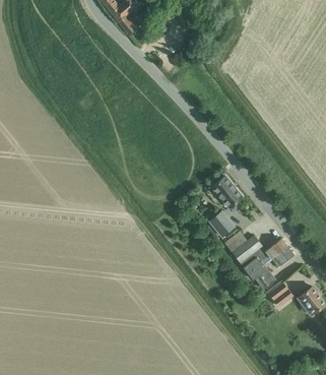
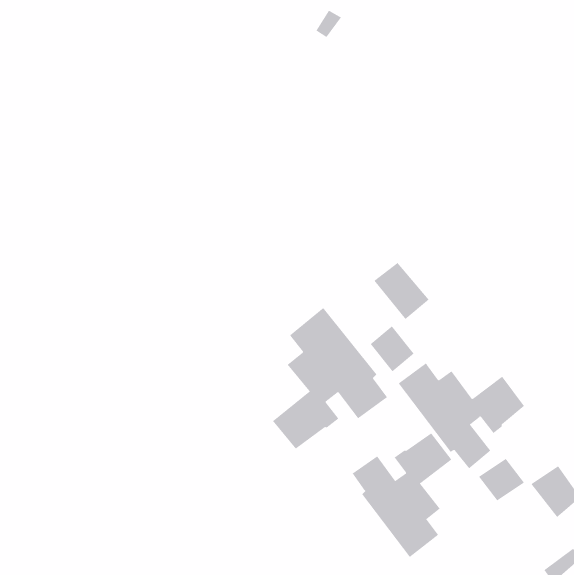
building: none -> [272,307,388,450]
building: none -> [352,432,452,558]

